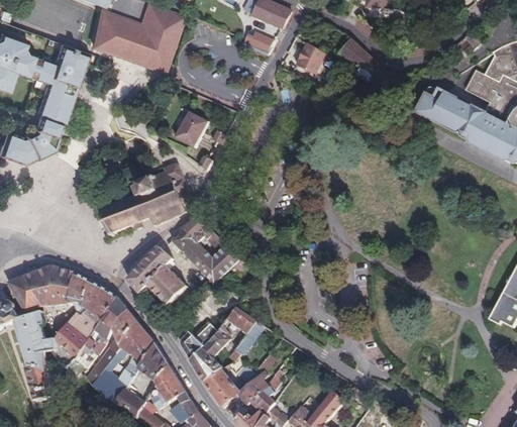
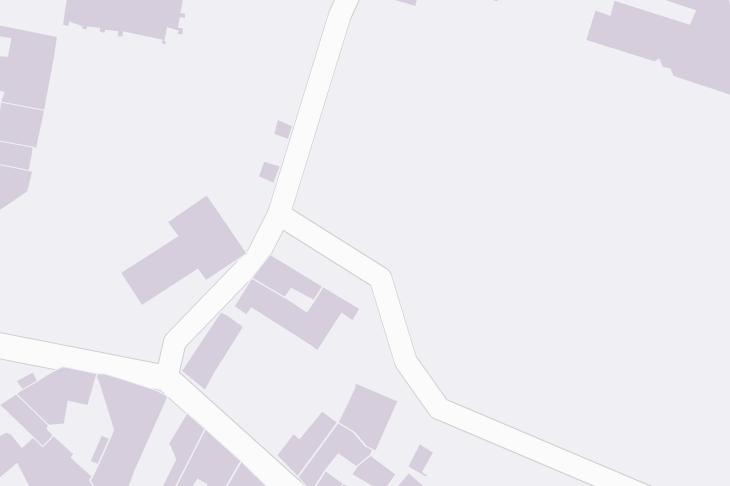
building: [174,113,207,148] -> none
building: [161,163,192,212] -> none
building: [147,258,186,305] -> none
building: [47,275,77,301] -> none
building: [88,295,126,343] -> none

